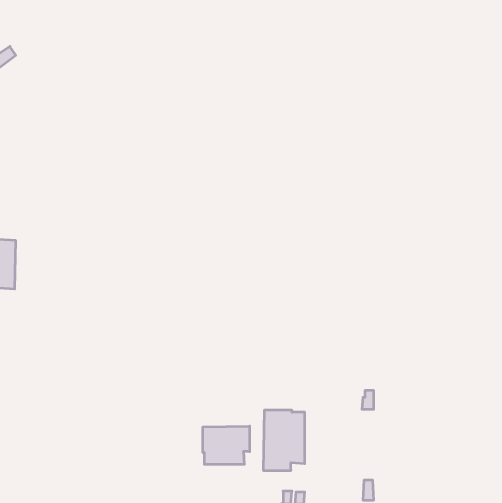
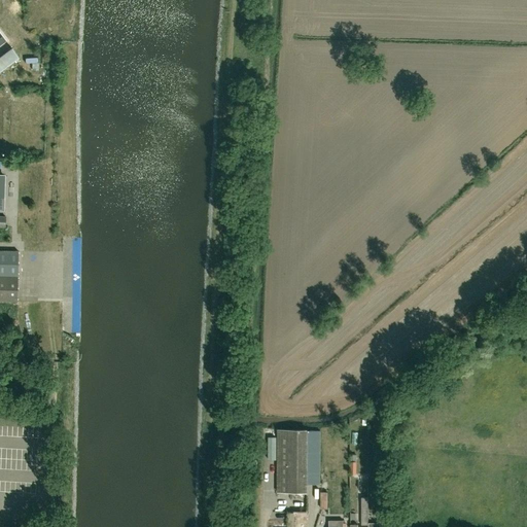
building: [203,426,250,464] -> none

